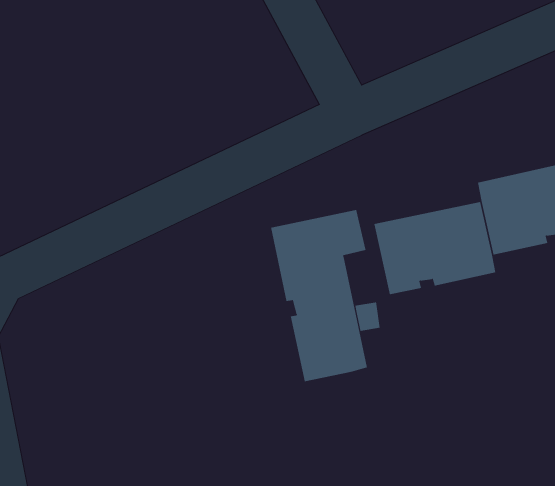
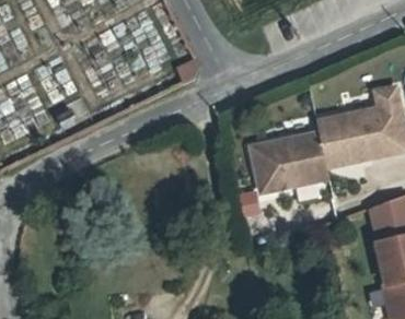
building: [270,209,367,382] -> none

